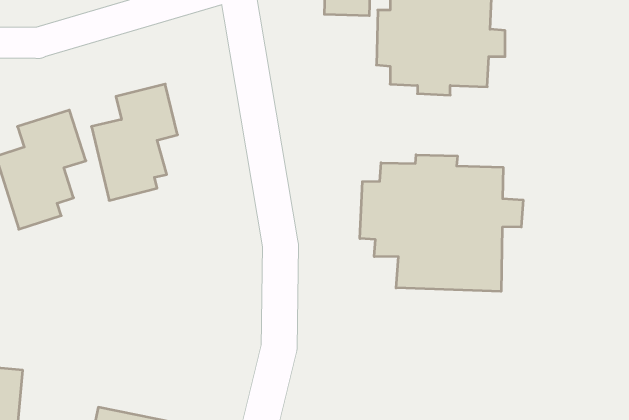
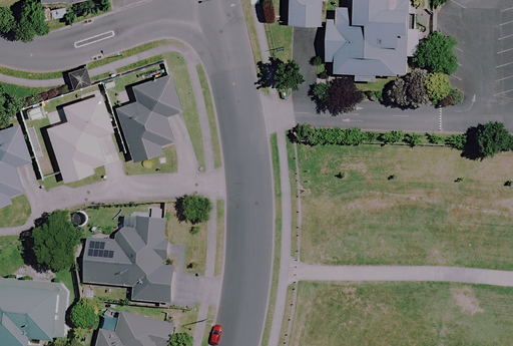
building: [360,155,523,291] -> none
building: none -> [83,215,171,302]

